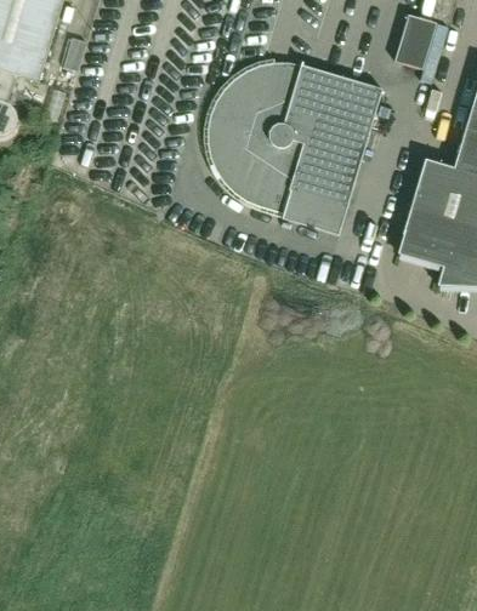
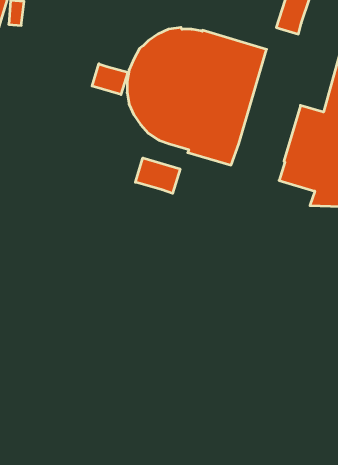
building: none -> [92,64,128,95]
building: none -> [135,158,180,193]

